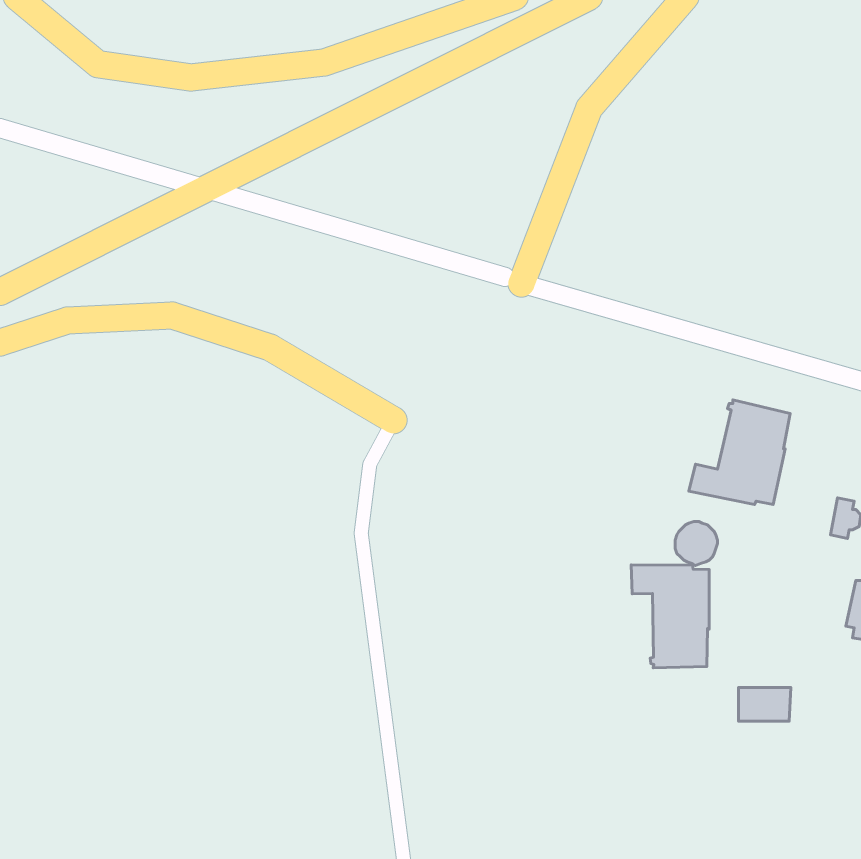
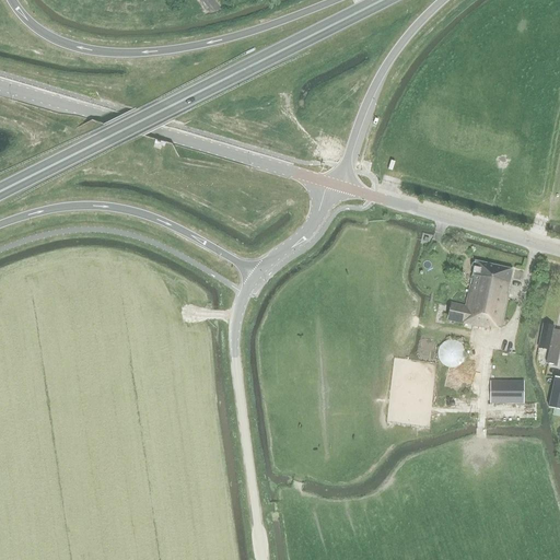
building: [631,565,709,668] -> none
building: [738,687,791,721] -> [491,380,525,401]

